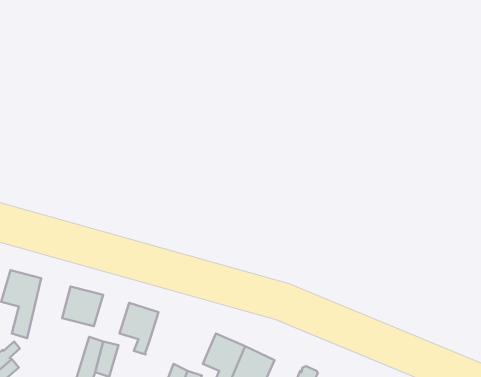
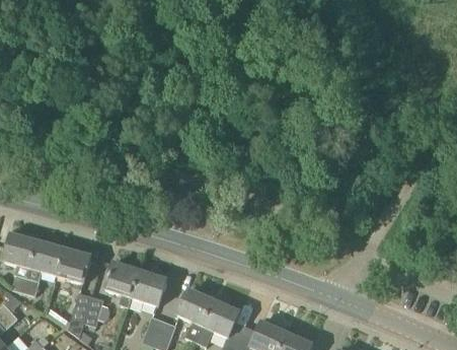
building: none -> [25,241,63,295]
building: none -> [131,271,166,306]

